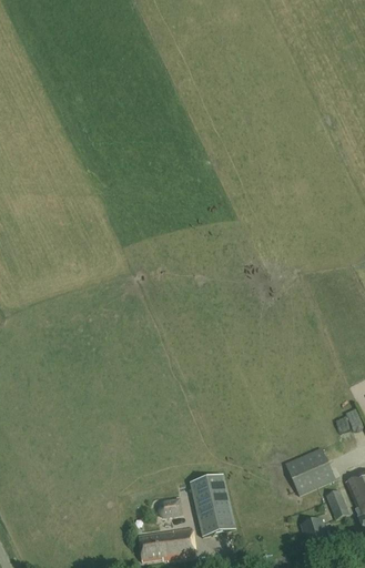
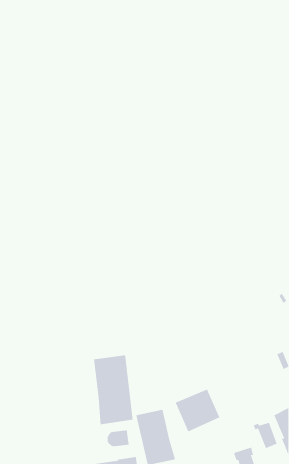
building: none -> [93,354,133,425]
building: [285,446,336,495] -> [175,389,220,432]

